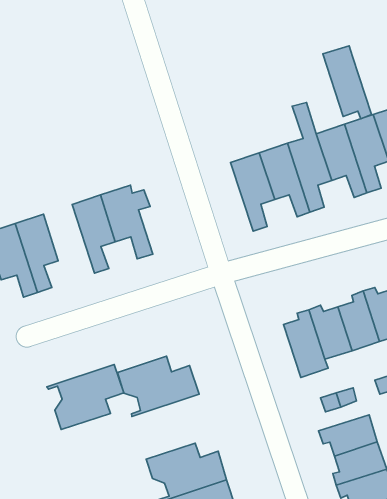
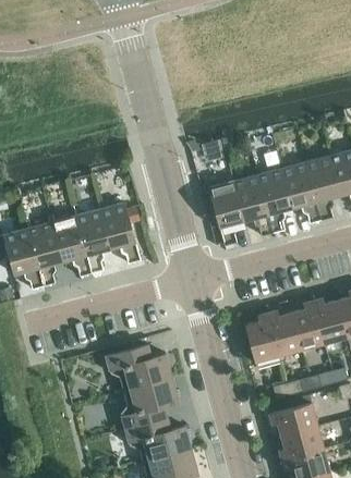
building: [323,46,372,119] -> none
building: none -> [52,215,92,275]
building: [47,364,124,429] -> [116,377,179,428]

